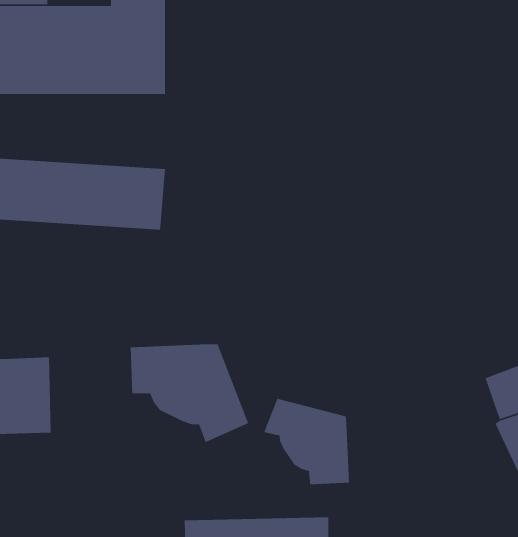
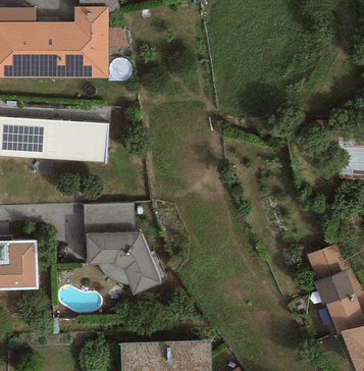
building: none -> [84,202,135,234]
building: [263,398,350,485] -> none

